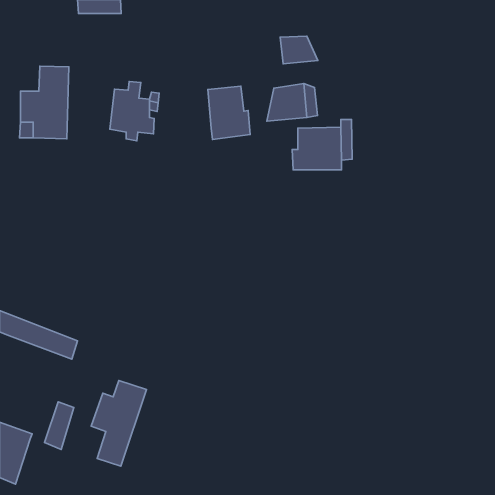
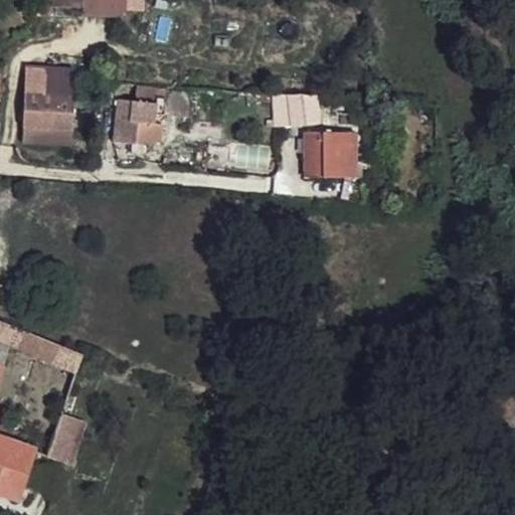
building: [280,36,318,64] -> none
building: [208,86,250,139] -> none
building: [91,380,146,466] -> none

